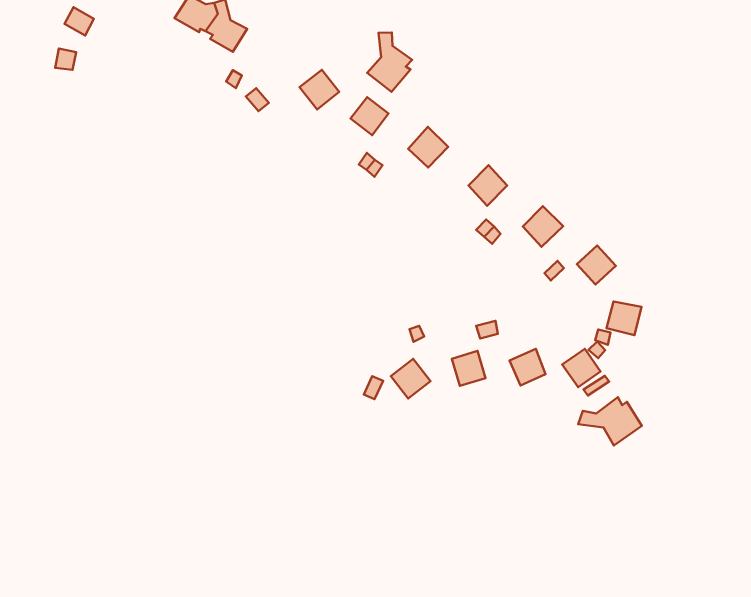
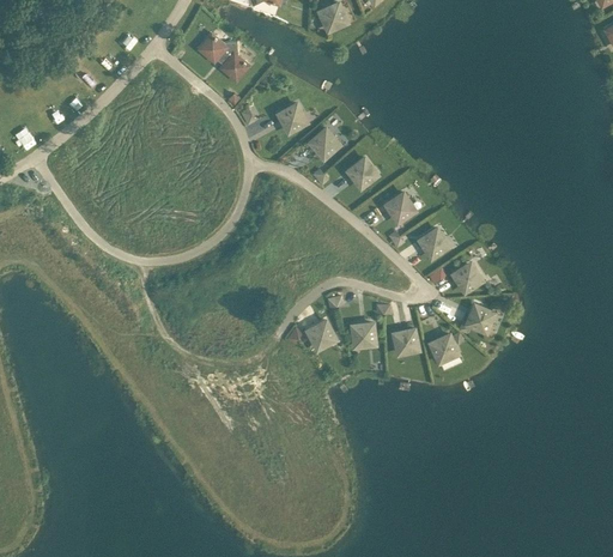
building: [367,33,412,92] -> none
building: [578,397,642,446] -> none

